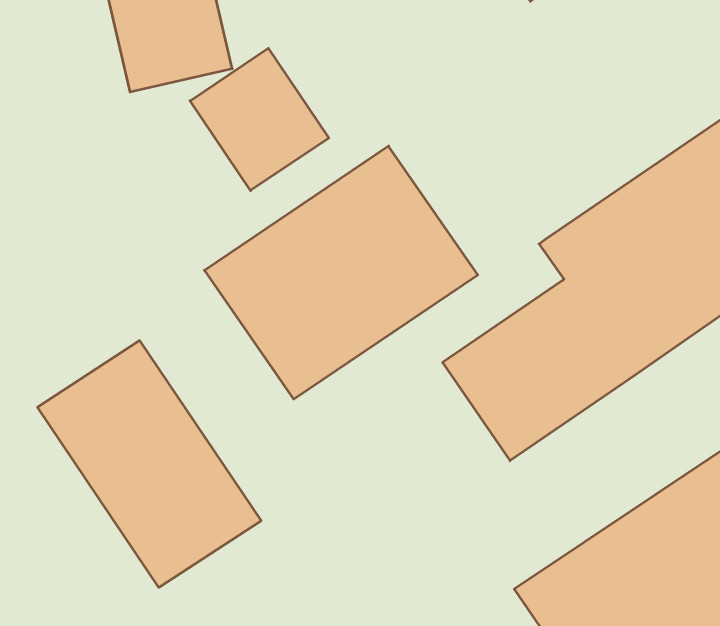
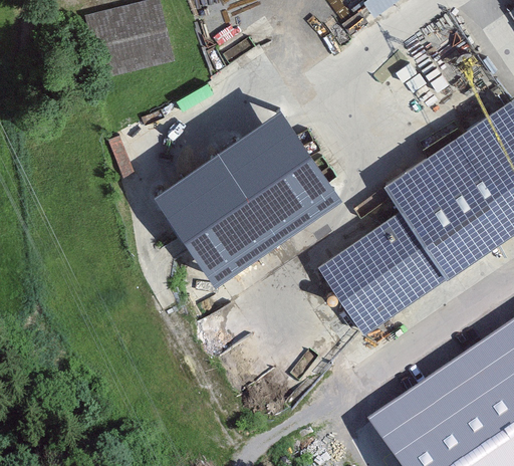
building: [190,48,329,191] -> none
building: [38,341,261,587] -> none

